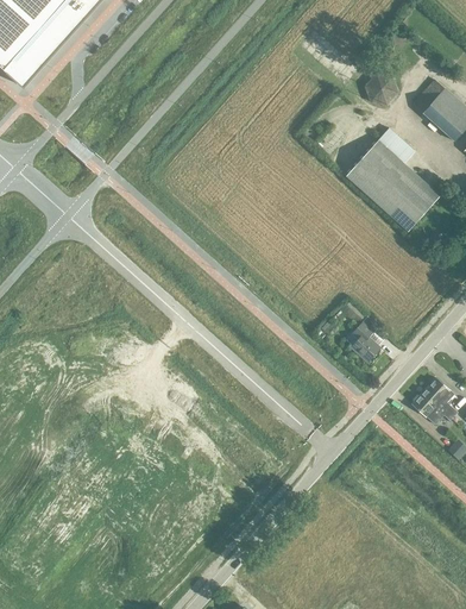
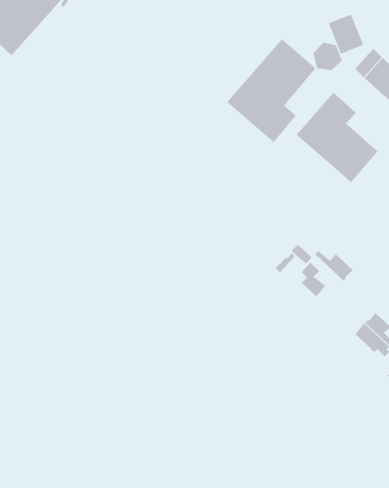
building: none -> [328,13,364,55]
building: none -> [226,38,316,143]
building: none -> [314,250,353,282]

